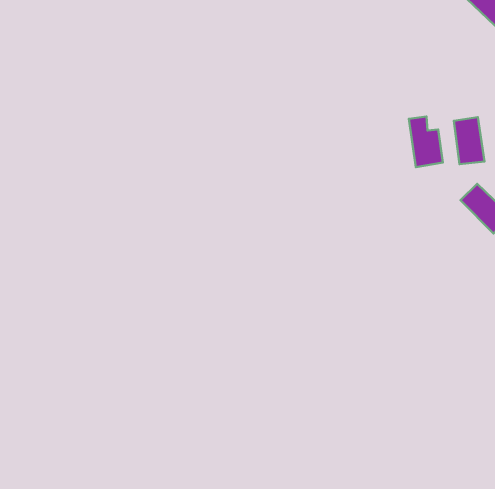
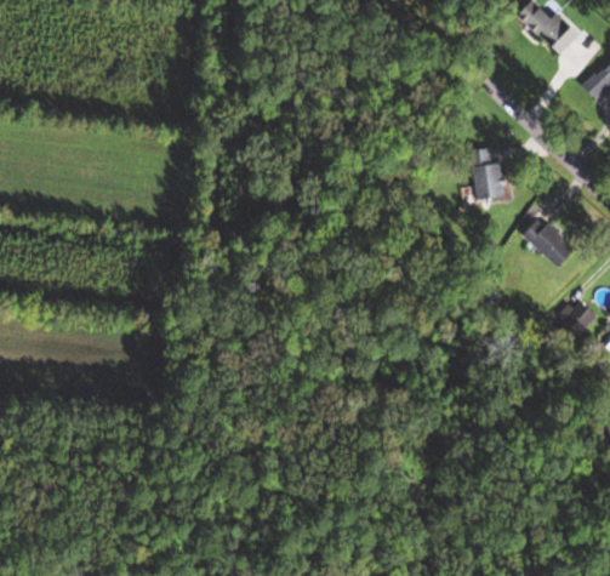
building: [454,117,484,164] -> none

